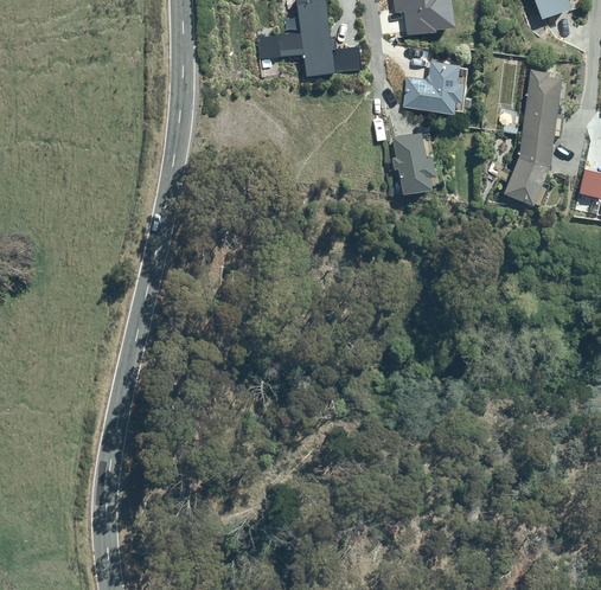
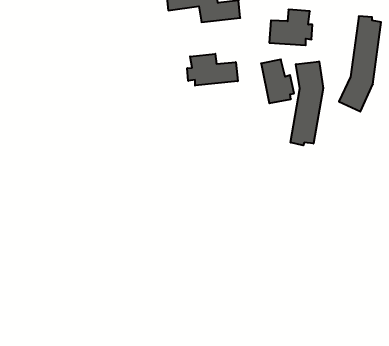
building: none -> [187,54,238,86]
building: none -> [291,61,323,145]

